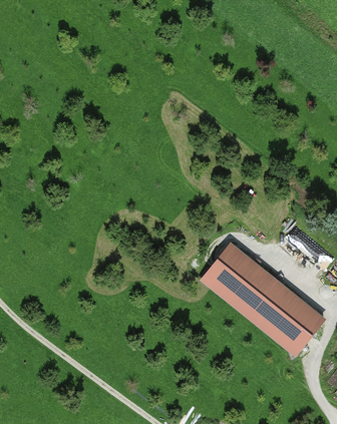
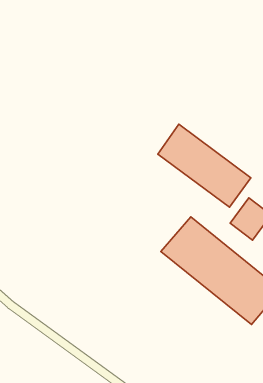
building: none -> [158,124,251,207]

